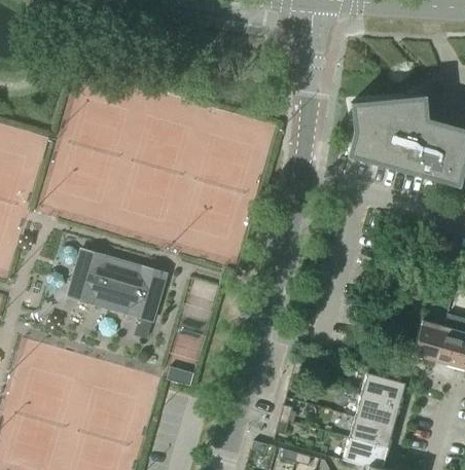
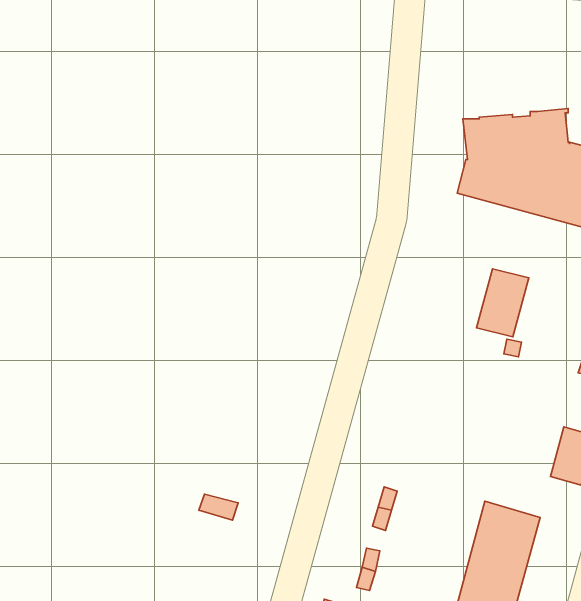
building: none -> [476,269,529,337]
building: [68,249,167,323] -> none

